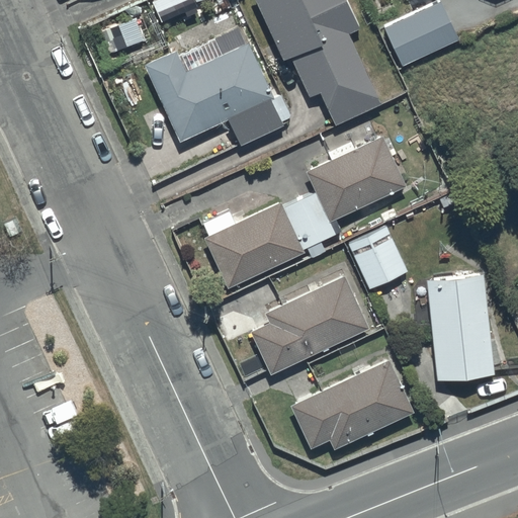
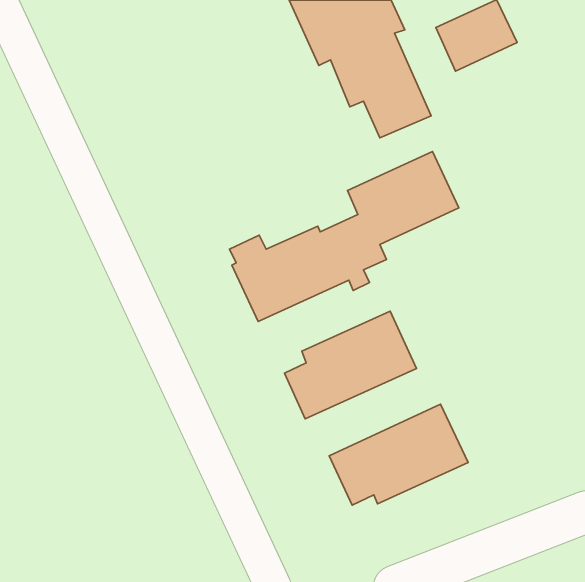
building: [146,42,286,145] -> none
building: [349,227,407,289] -> none
building: [427,275,493,380] -> none

